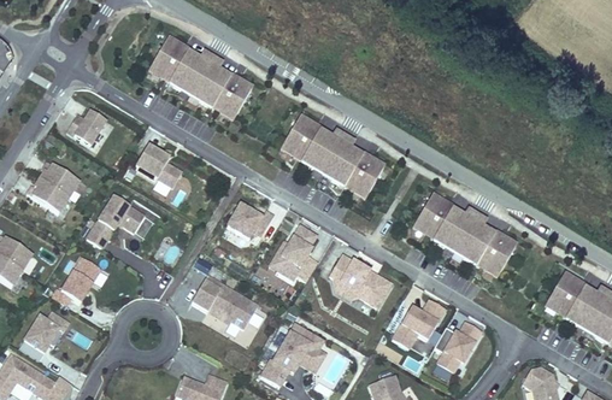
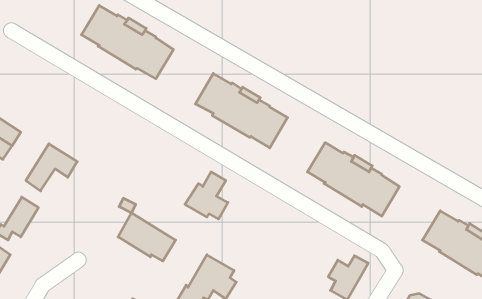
building: [65,108,106,145] -> none
building: [135,143,182,188] -> none
building: [226,201,275,239] -> none
building: [329,253,393,307] -> none
building: [393,300,445,348] -> none

